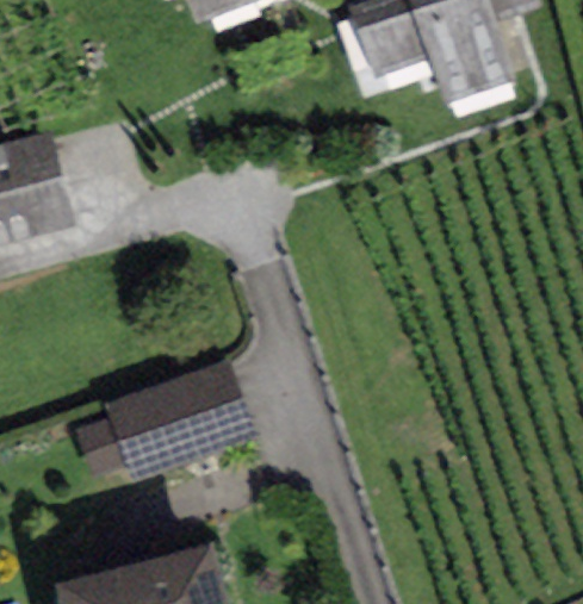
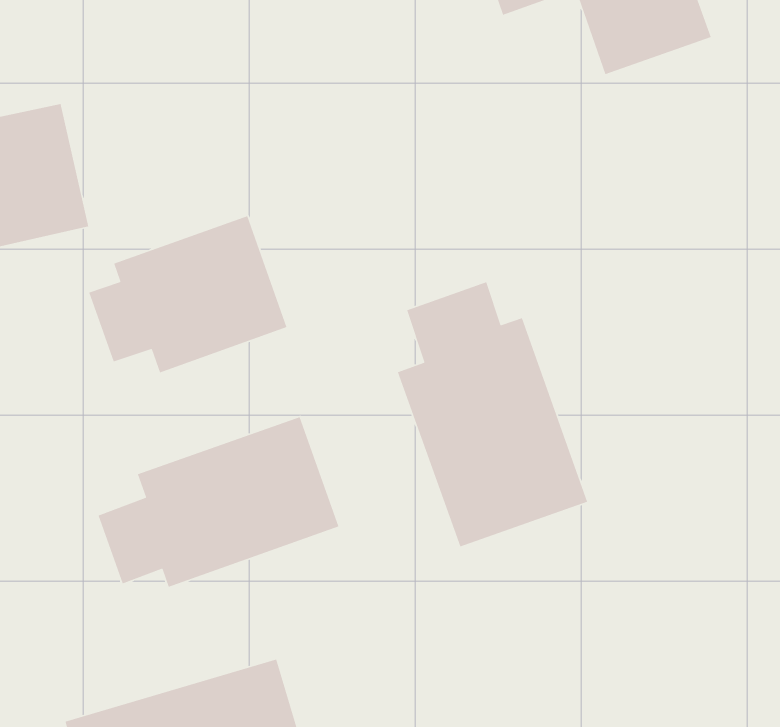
building: none -> [88,215,288,373]
building: none -> [397,281,588,547]

